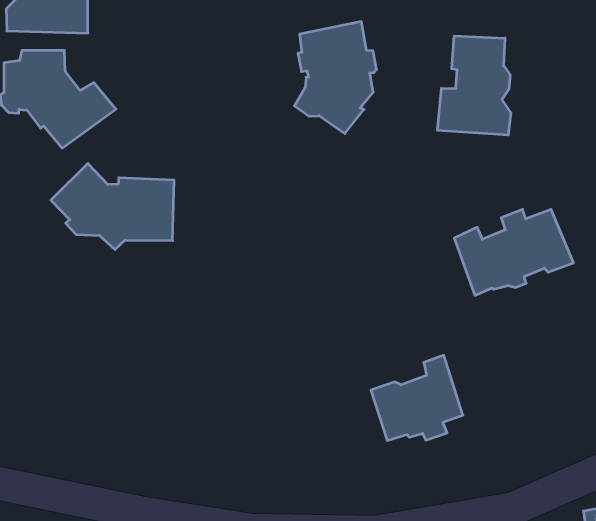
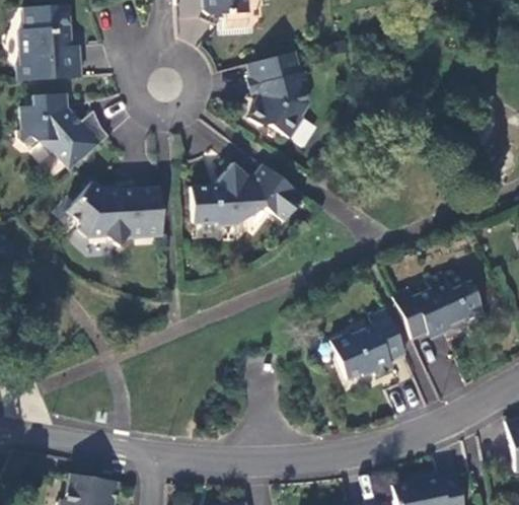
building: [438,36,511,135] -> none
building: none -> [191,166,311,228]
building: [454,209,573,295] -> [394,270,490,343]

